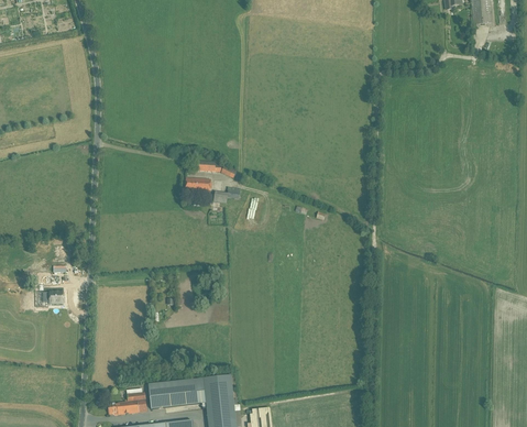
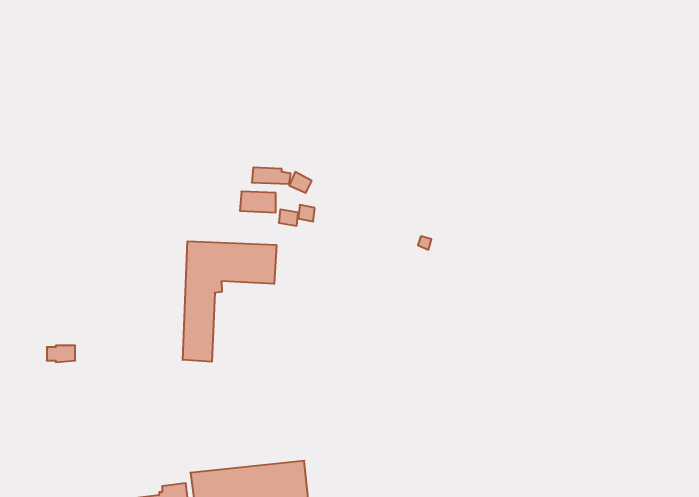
building: none -> [183,241,276,362]

